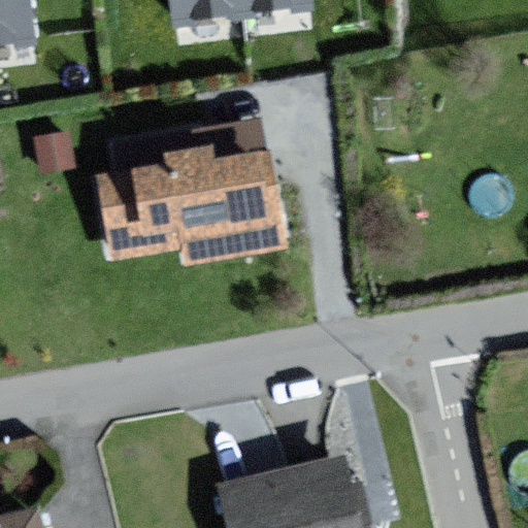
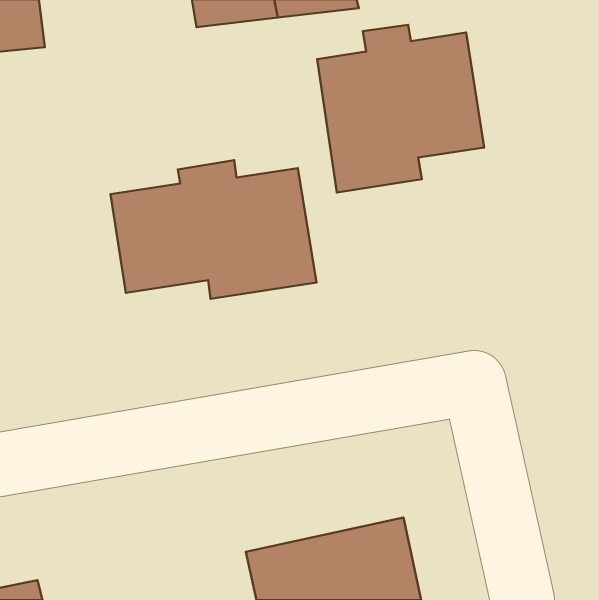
building: none -> [317,25,484,192]

